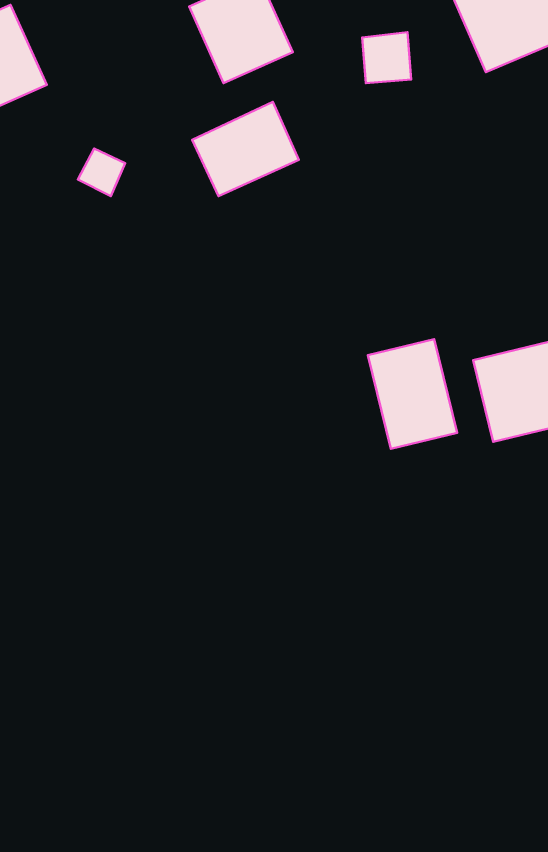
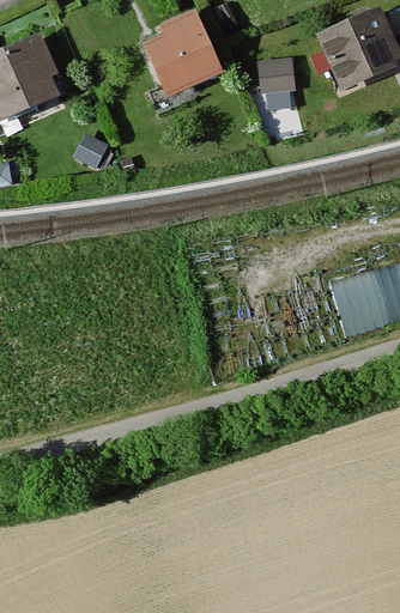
building: [192,102,299,196] -> none
building: [368,339,457,449] -> none

